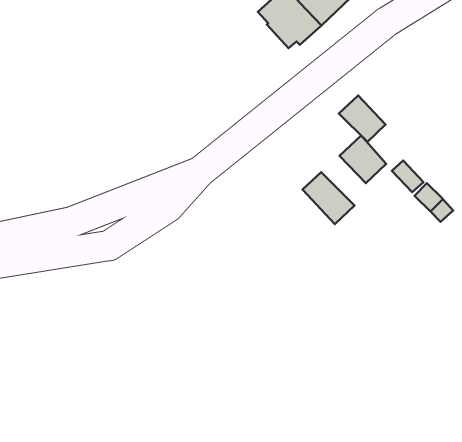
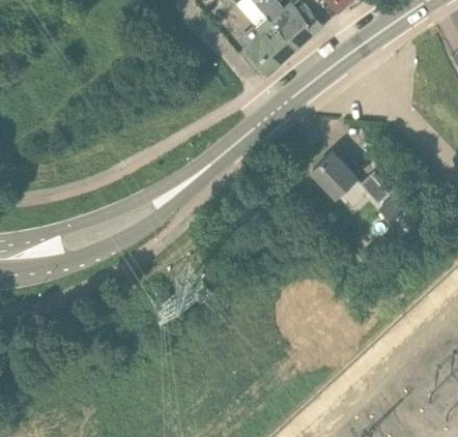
building: [339,95,386,142] -> none
building: [303,172,355,224] -> none

